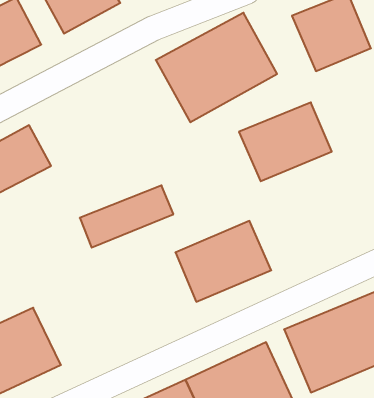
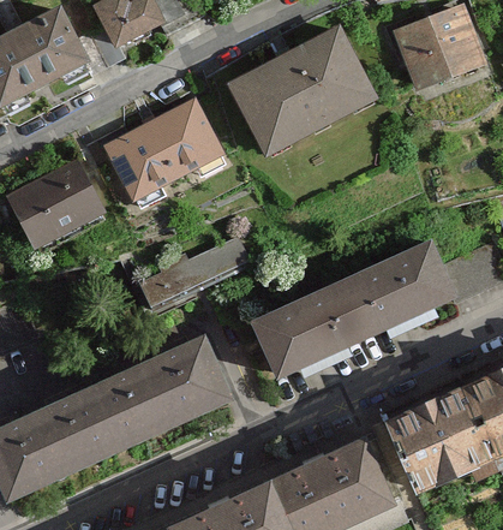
building: none -> [108,100,222,200]
building: [239,102,332,181] -> [342,244,455,340]
building: none -> [79,330,230,455]

